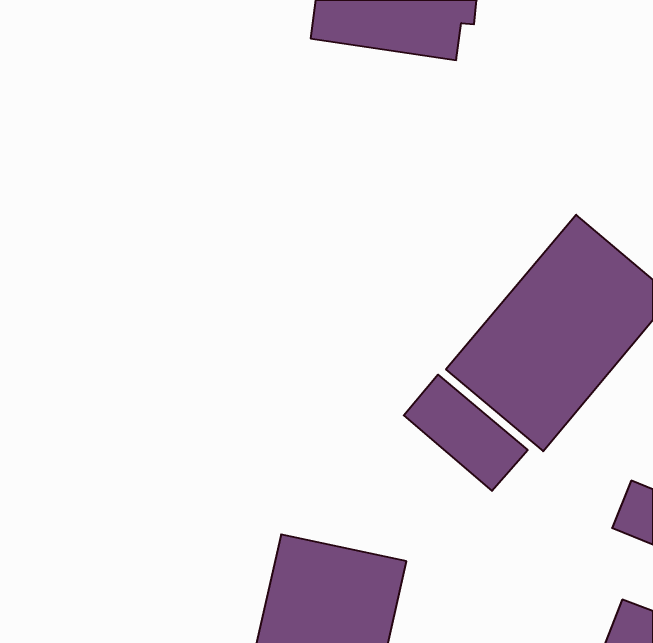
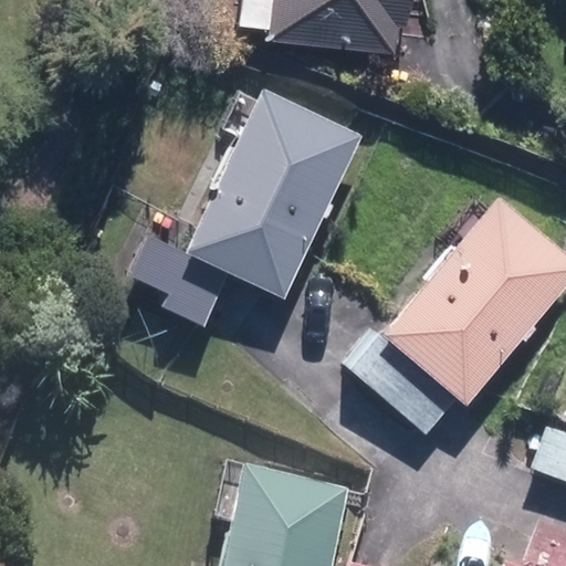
building: none -> [184,85,363,296]

